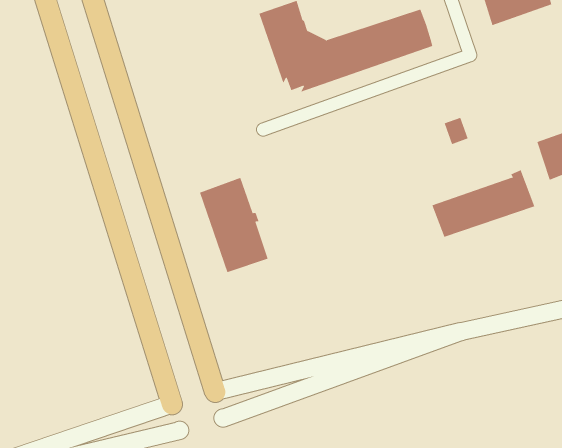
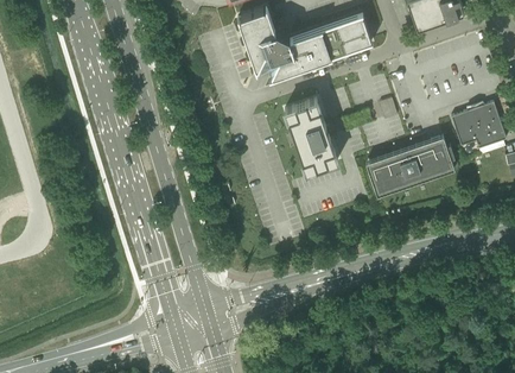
building: [199,177,269,273] -> [285,101,338,175]

